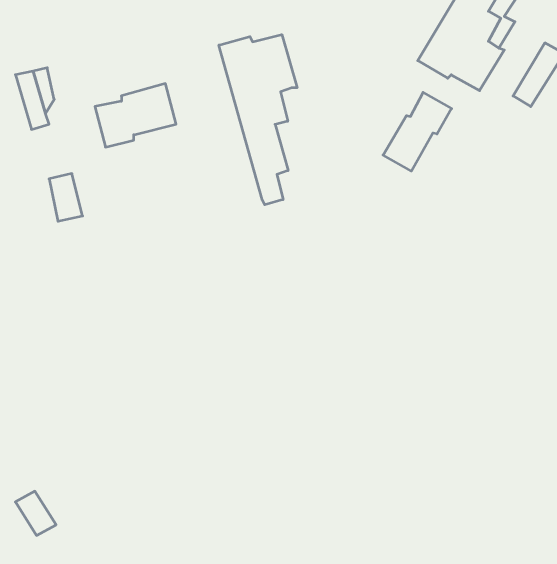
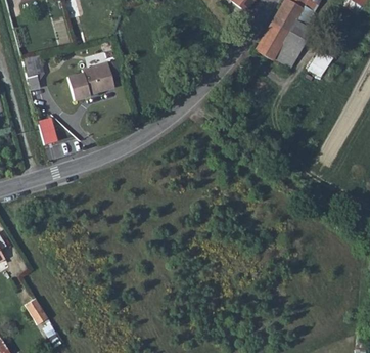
building: [219,35,297,205] -> none
building: [383,92,452,171] -> none

